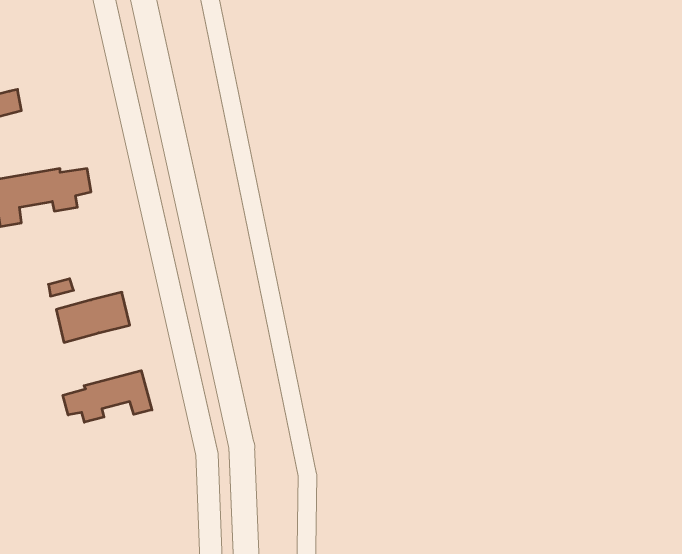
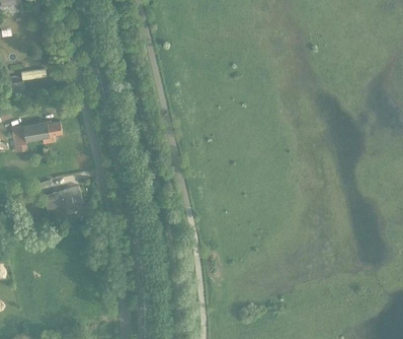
building: [63,371,152,422] -> none

